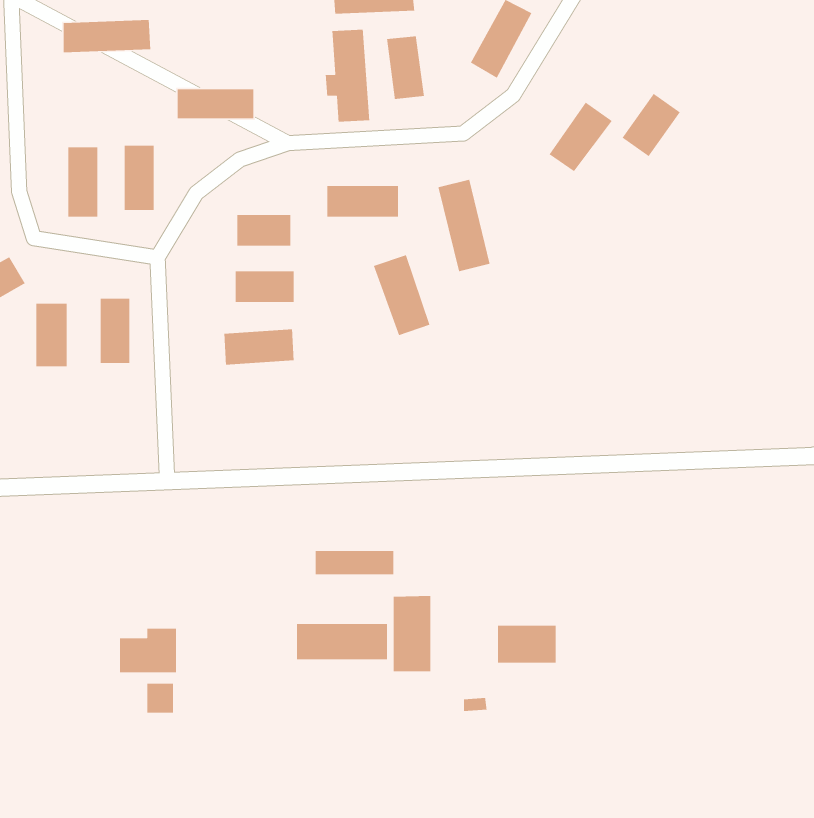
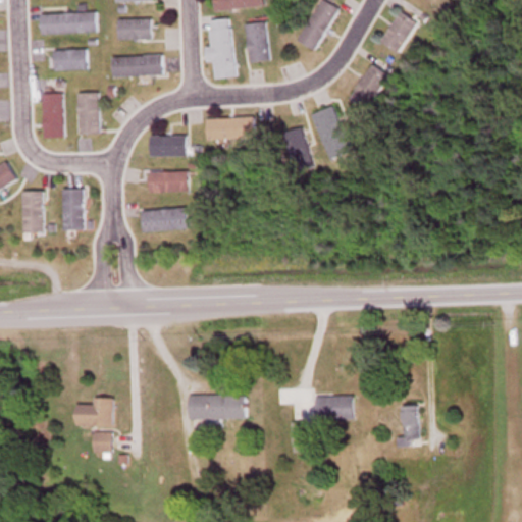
building: none -> [117,19,151,39]
building: none -> [53,49,87,70]
building: [621,93,681,157] -> [379,12,417,53]
building: [373,254,431,336] -> [312,106,349,158]
building: [315,550,394,575] -> none
building: [393,595,431,672] -> none
building: none -> [402,406,418,443]

